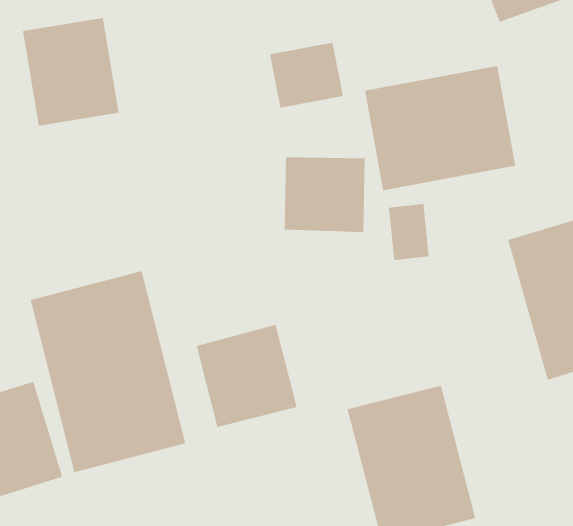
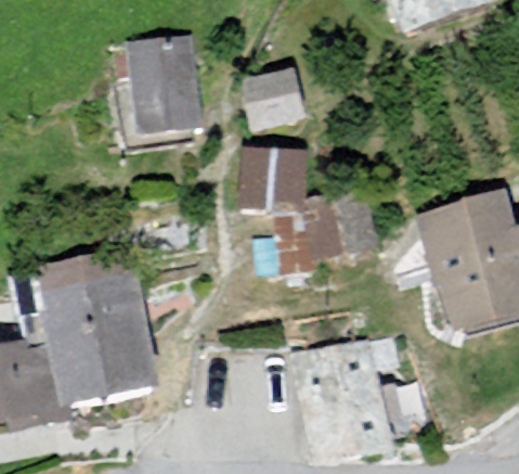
building: [22,17,120,127] -> [124,39,203,128]
building: [364,65,516,191] -> none
building: [196,324,297,428] -> none

